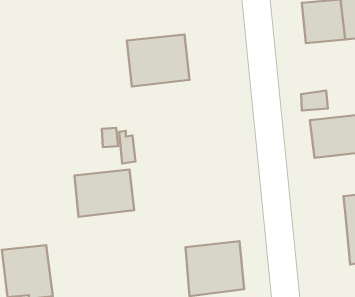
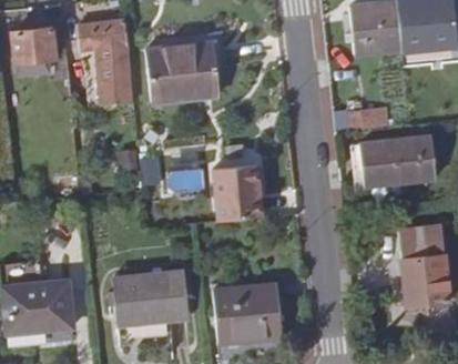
building: none -> [74,20,132,102]
building: none -> [13,28,54,69]
building: none -> [212,166,262,222]
building: [75,170,134,217] -> [121,271,190,325]

